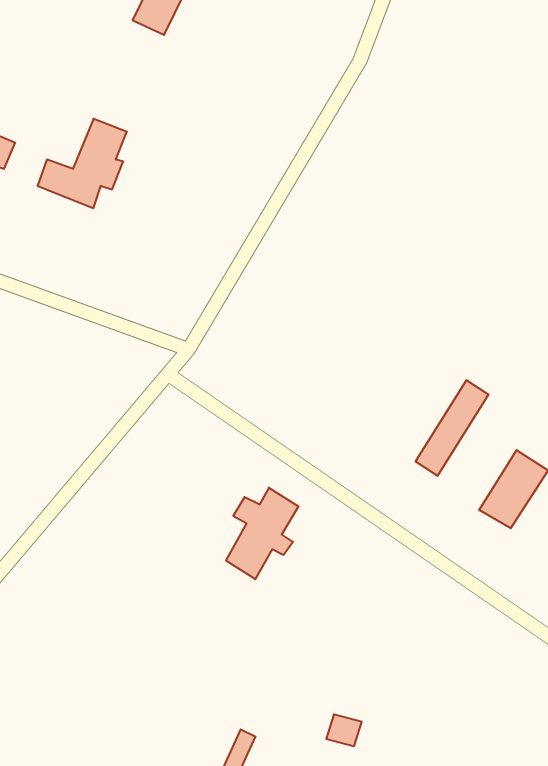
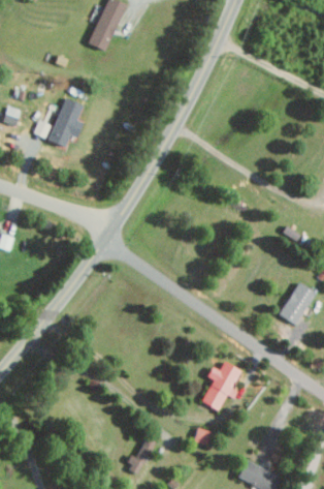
building: [416,380,489,476] -> none
building: [226,488,299,579] -> [202,361,242,411]

